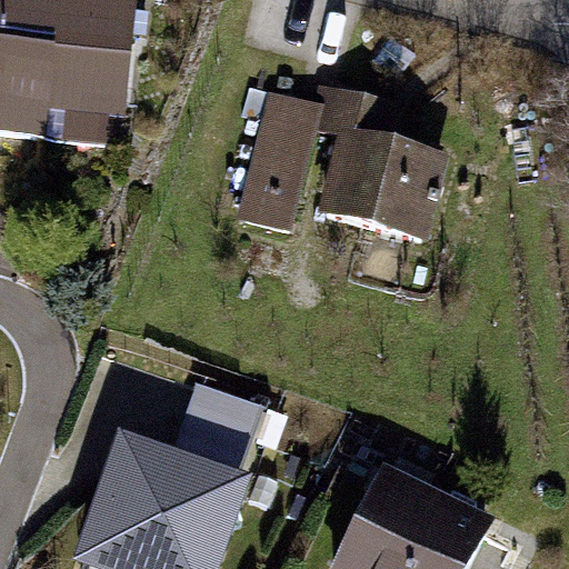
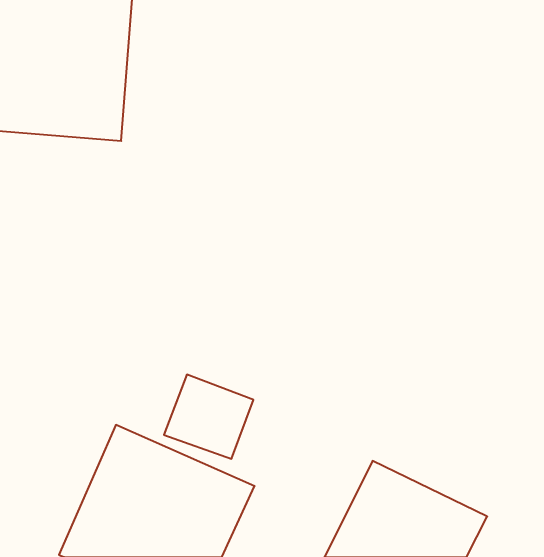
building: [234,86,455,238] -> none

